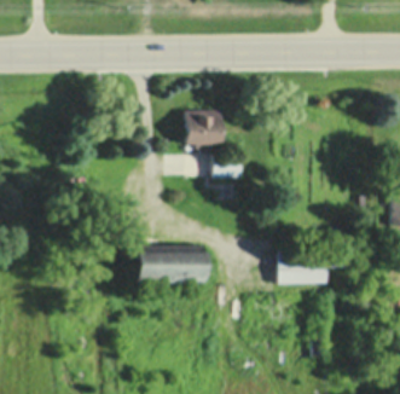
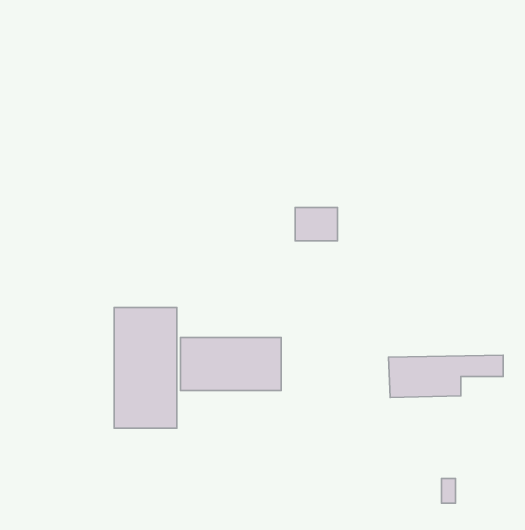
building: [187,114,222,155] -> none
building: none -> [114,307,177,428]

